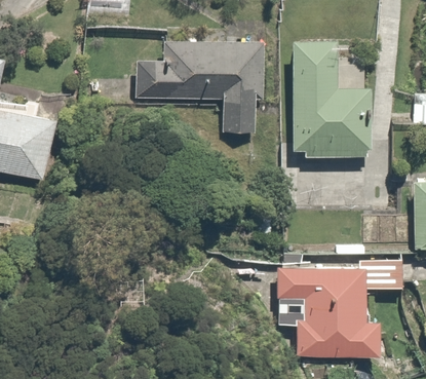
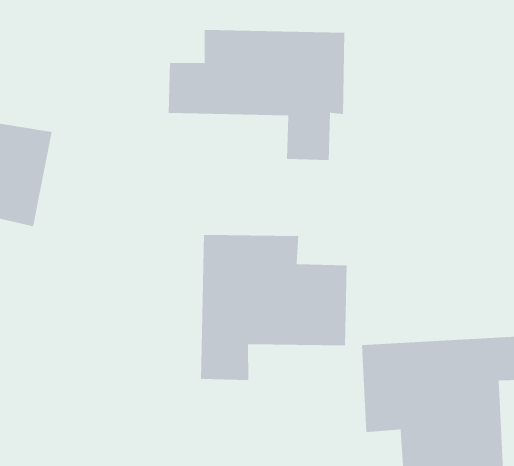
building: [289,42,374,157] -> none
building: none -> [201,234,347,381]

